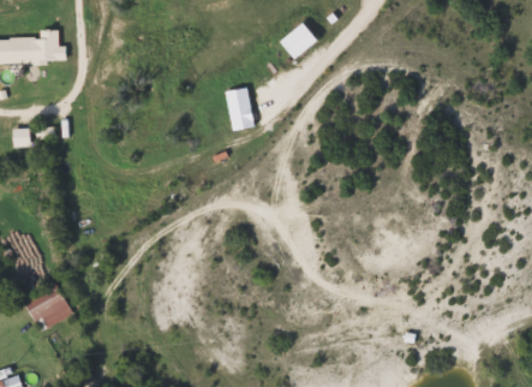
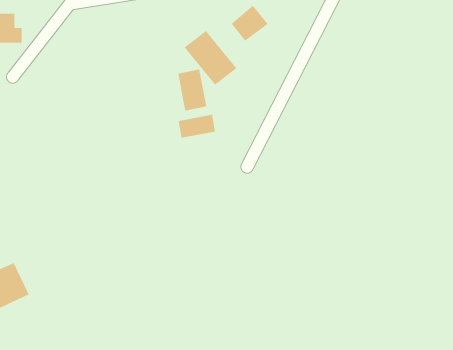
building: none -> [184,30,237,86]
building: none -> [178,114,215,139]

